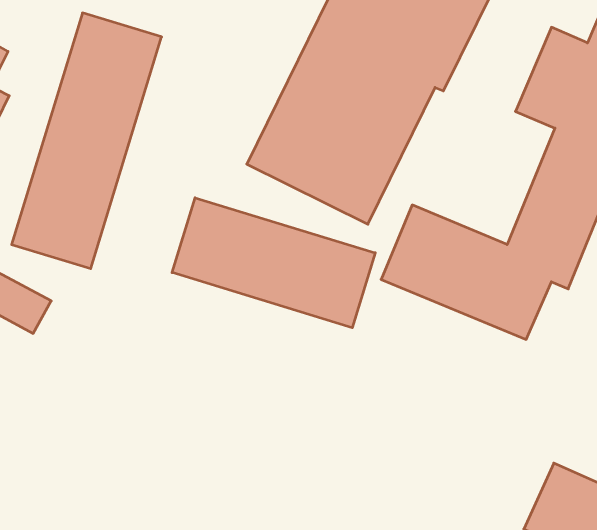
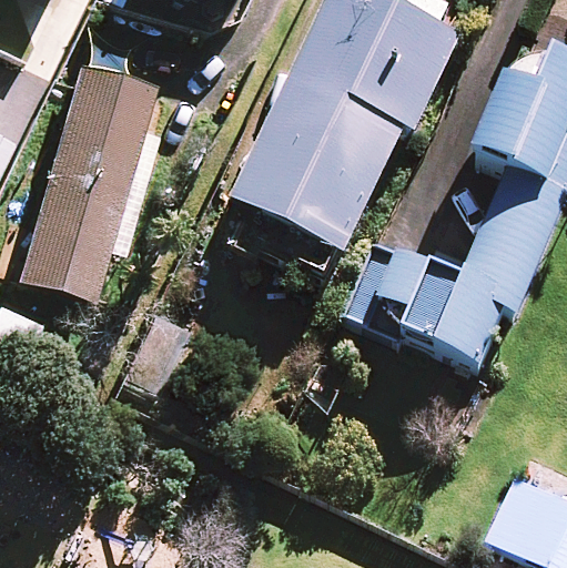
building: [172,198,375,328] -> none

